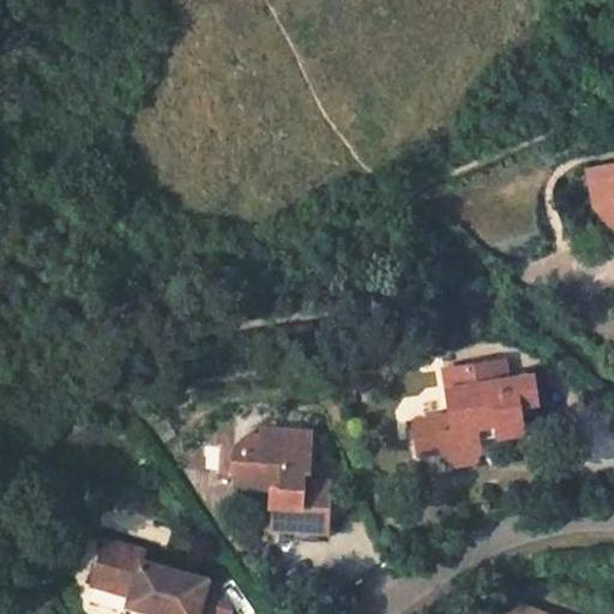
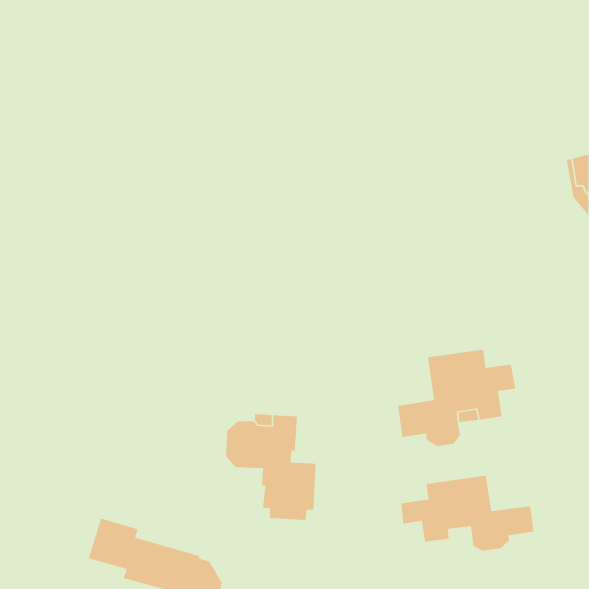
building: none -> [401,475,535,552]

